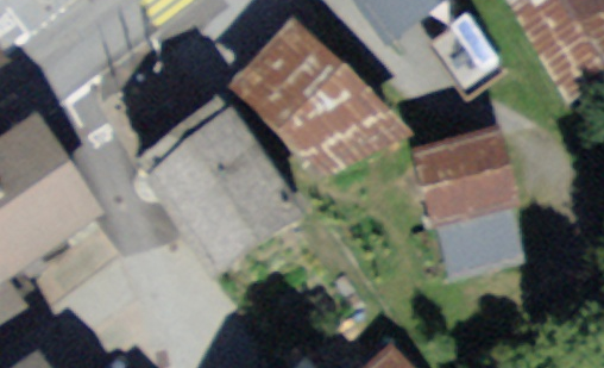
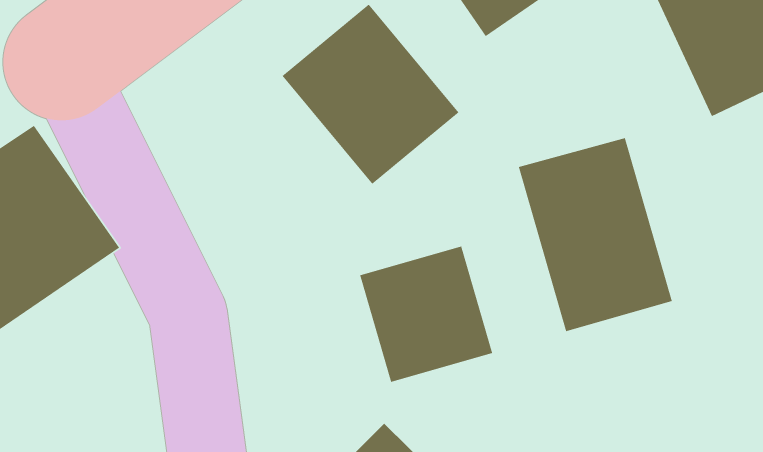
building: [136,101,295,264] -> none
building: none -> [359,246,493,383]

